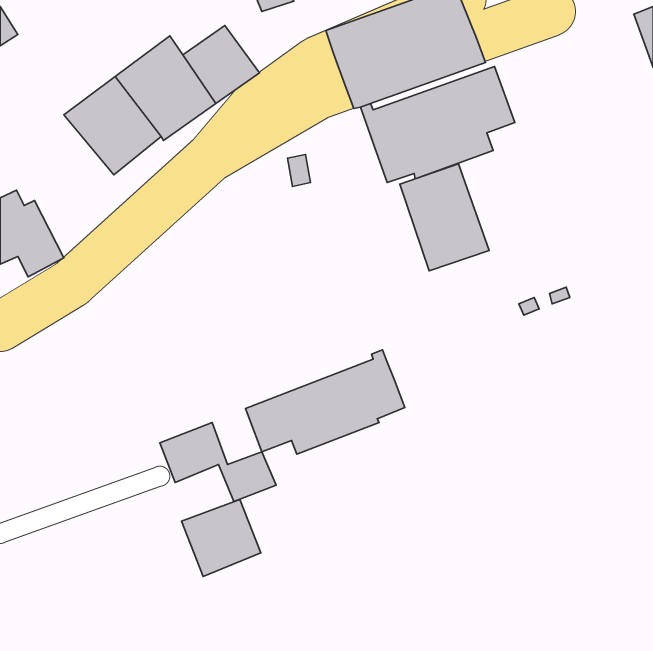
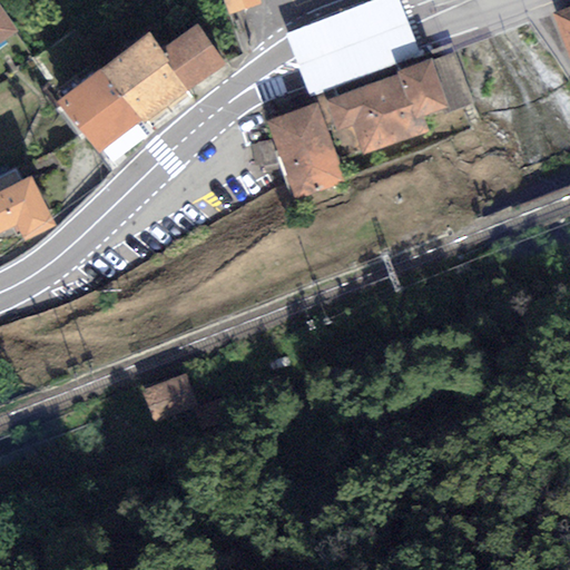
building: [400,164,489,271] -> [266,102,344,196]
building: [246,350,405,454] -> none
building: [181,499,261,576] -> none

